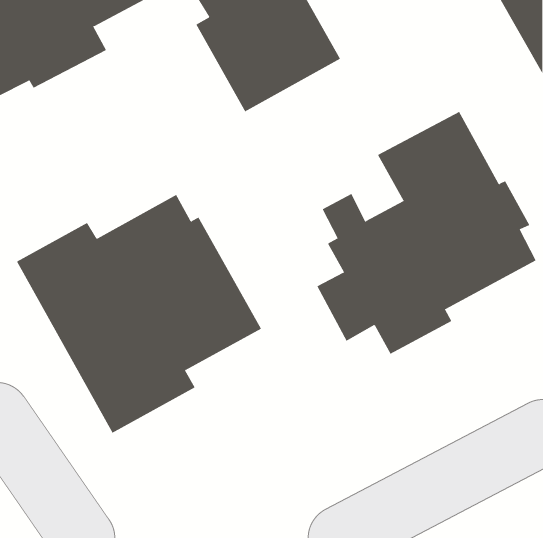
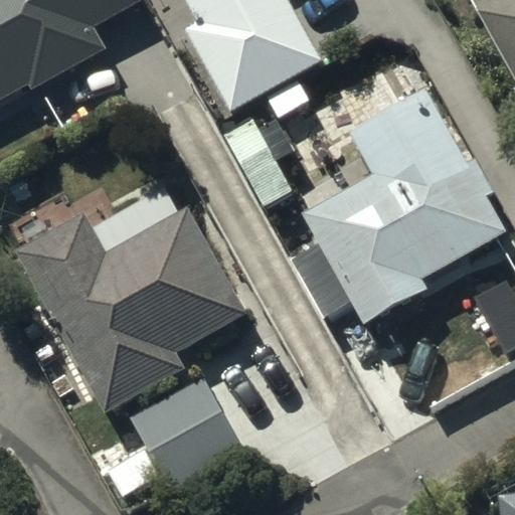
building: none -> [132,389,243,499]

